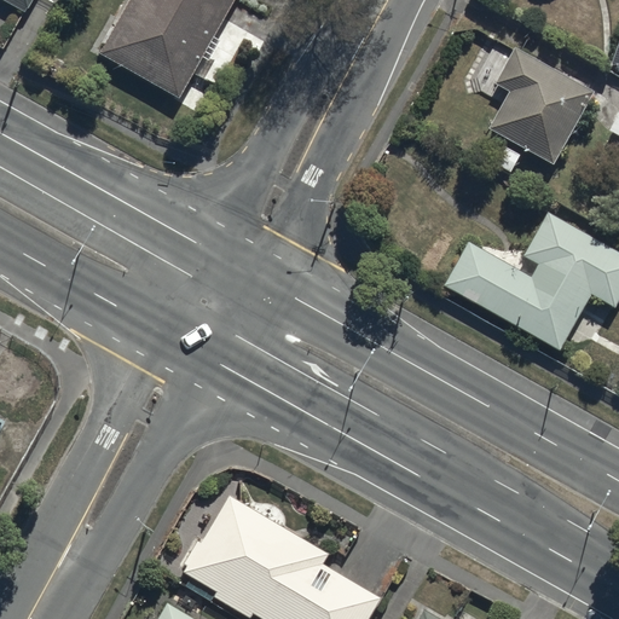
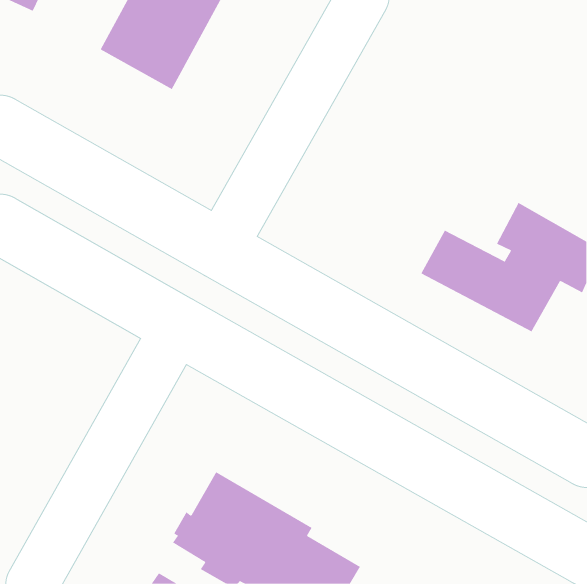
building: [487,47,592,163] -> none

